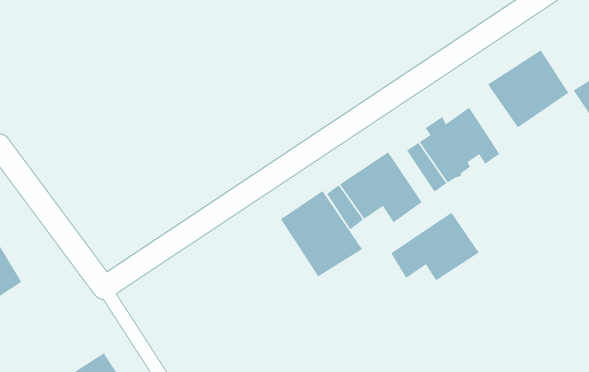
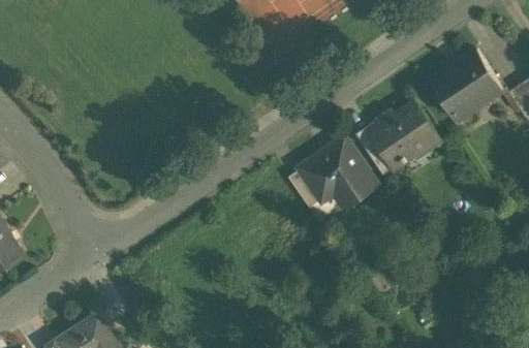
building: [280,190,363,277] -> none
building: [390,212,480,281] -> none

